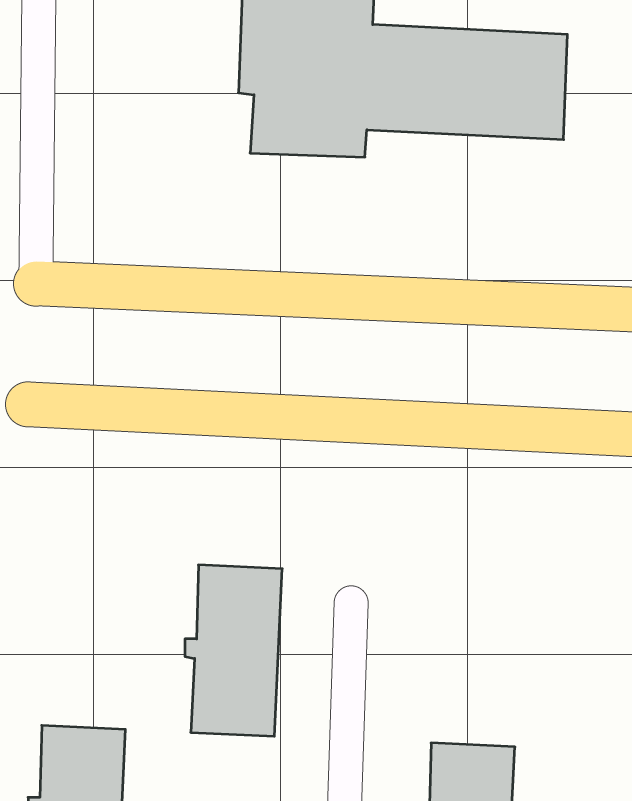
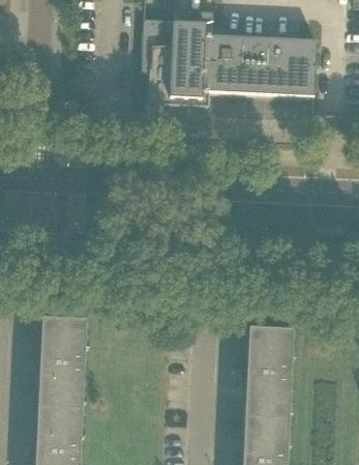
building: [185,565,282,736] -> [35,319,87,410]
building: none -> [241,328,294,419]

